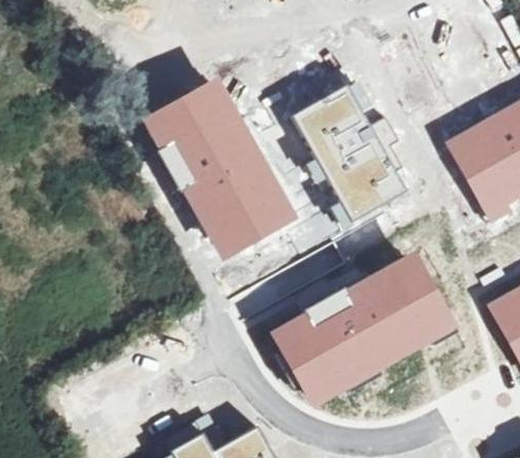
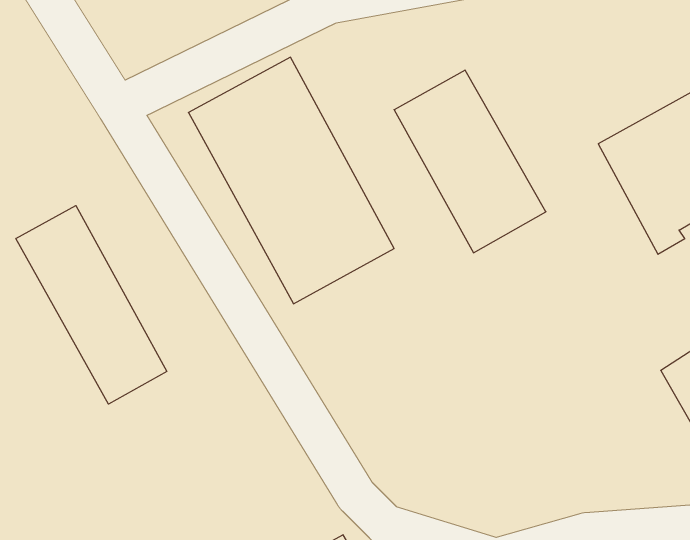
building: none -> [16,206,167,404]
building: [271,255,454,406] -> none

